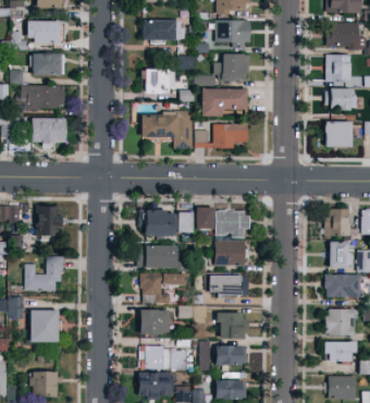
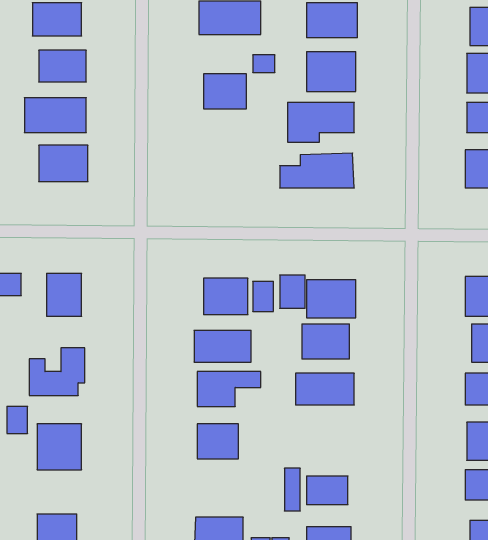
building: [141,112,193,147] -> none
building: [218,312,245,339] -> none
building: [140,346,187,369] -> none

